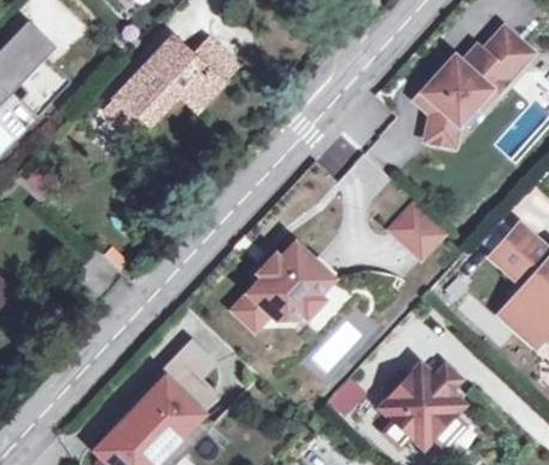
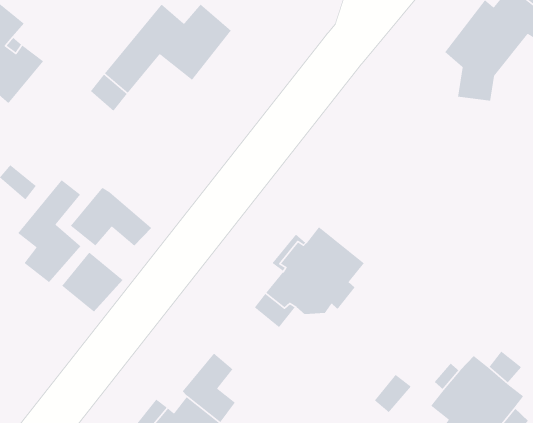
building: none -> [17,179,81,283]
building: none -> [70,187,152,247]
building: [392,204,444,257] -> none

